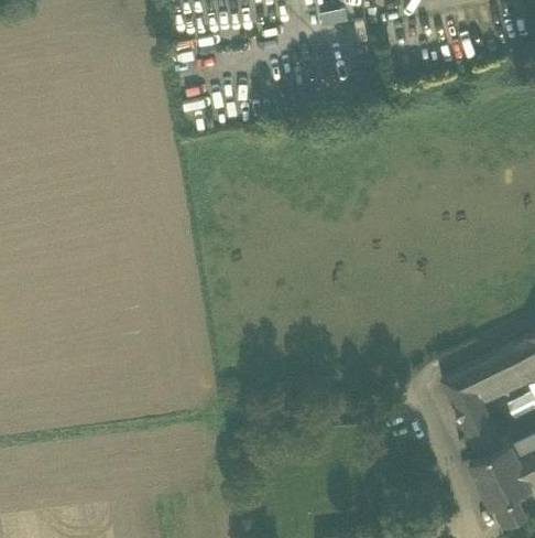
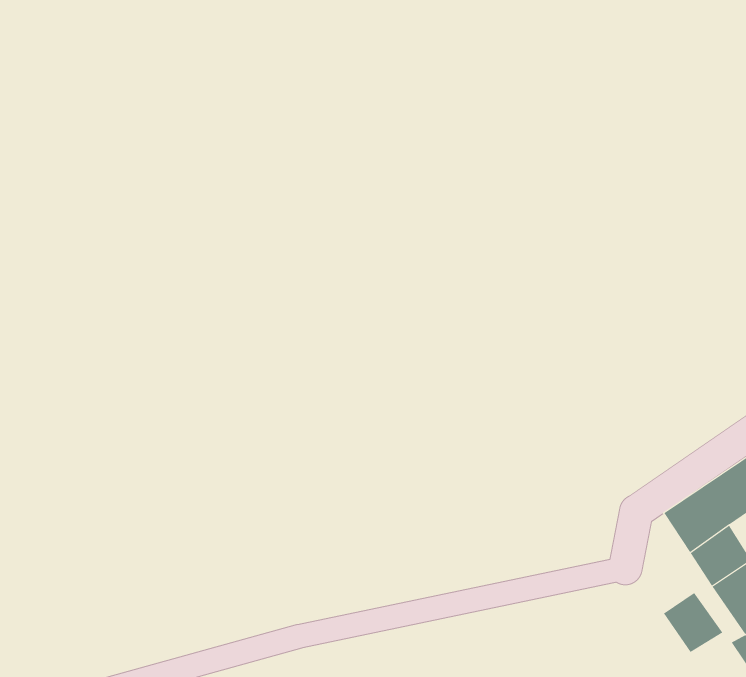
building: none -> [663,592,723,653]

